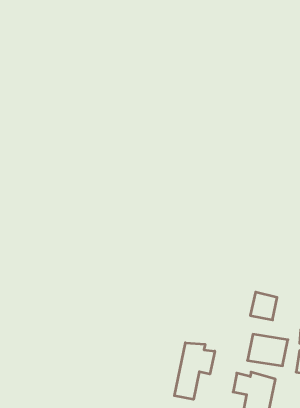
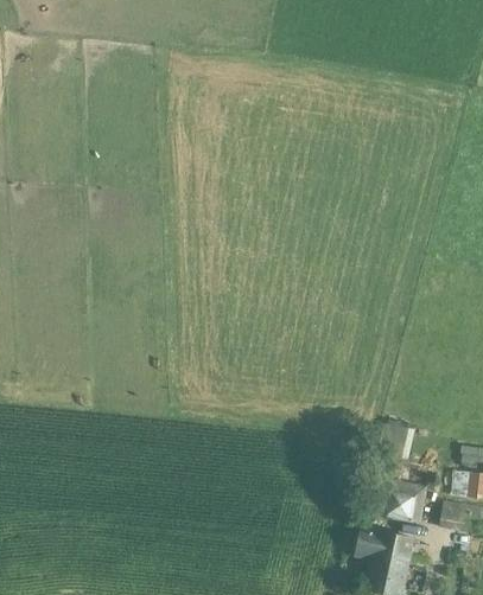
building: [174,343,215,399] -> none

